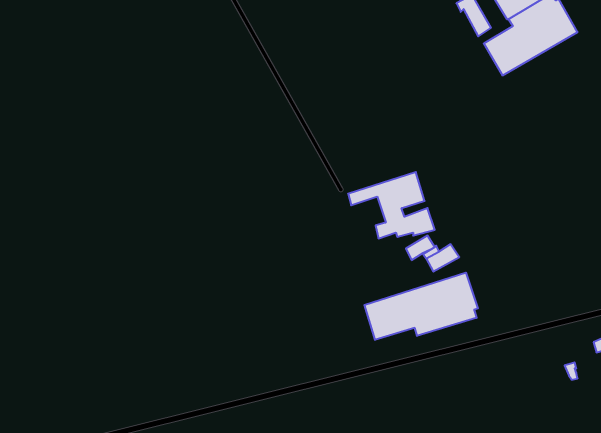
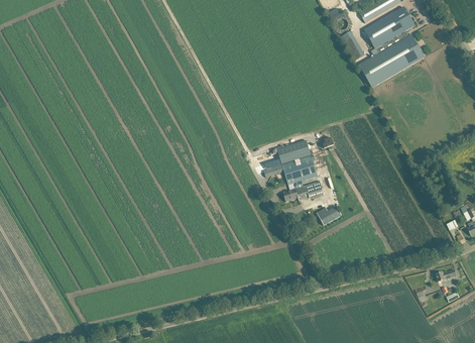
building: none -> [276,139,310,162]
building: [364,273,478,340] -> none

